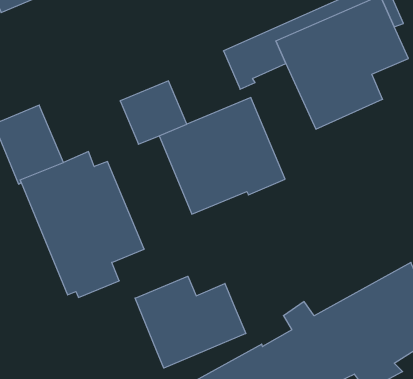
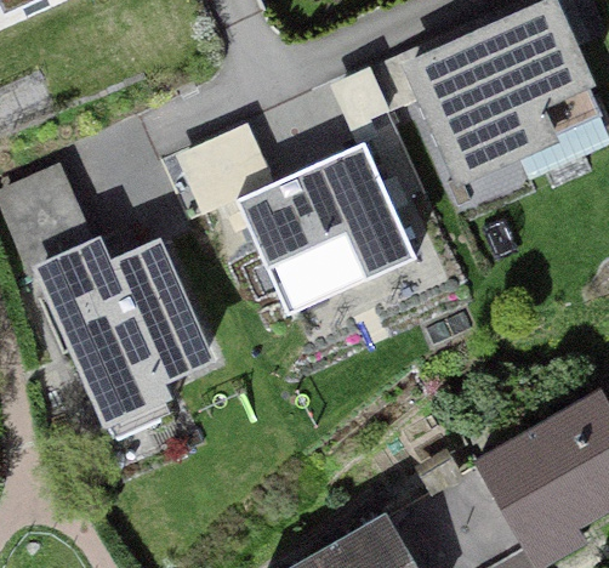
building: [135,276,246,368] -> none

